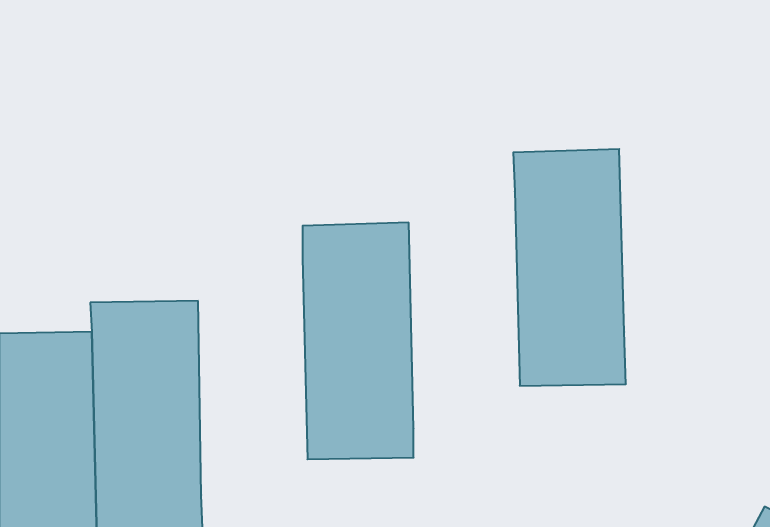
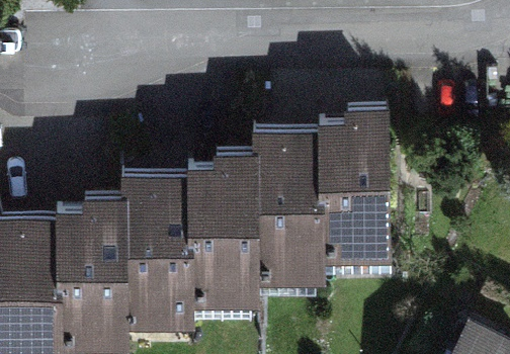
building: none -> [254,137,323,283]
building: none -> [122,178,192,325]

